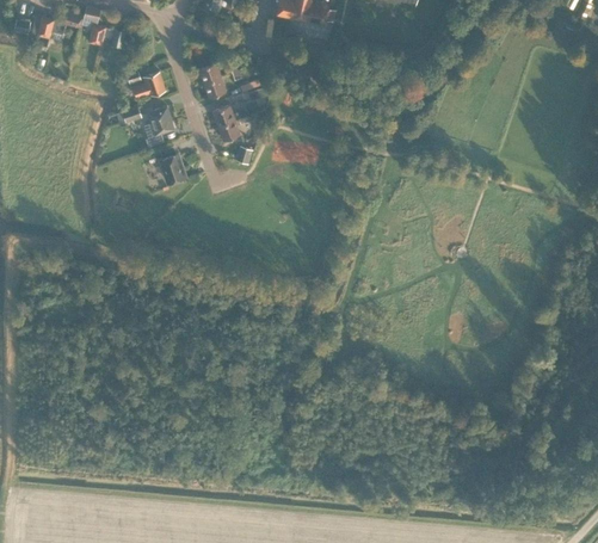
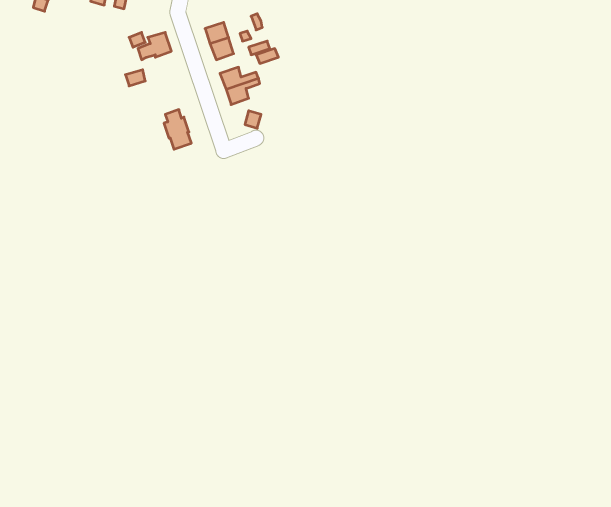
building: [144,106,174,147] -> none

